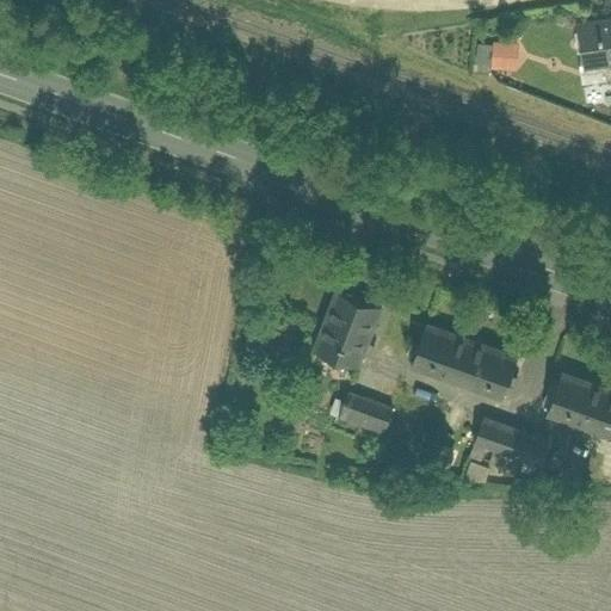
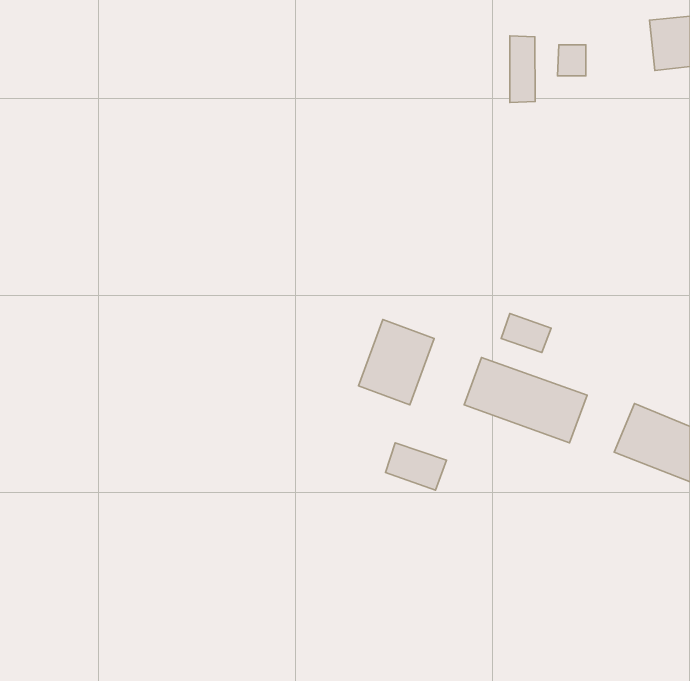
building: none -> [510,36,535,102]
building: none -> [501,313,551,353]
building: [475,427,550,477] -> none

